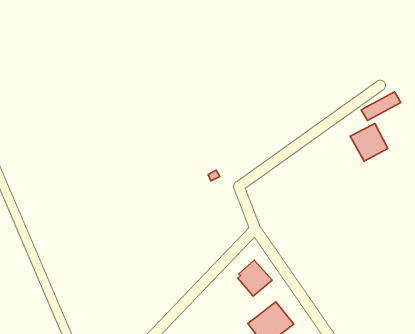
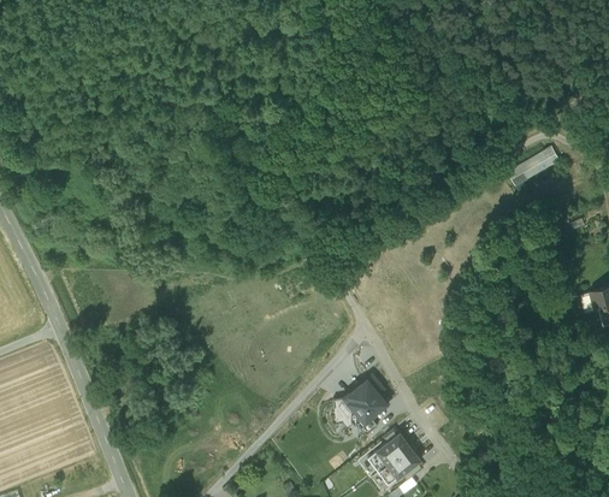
building: [350,124,388,161] -> none

